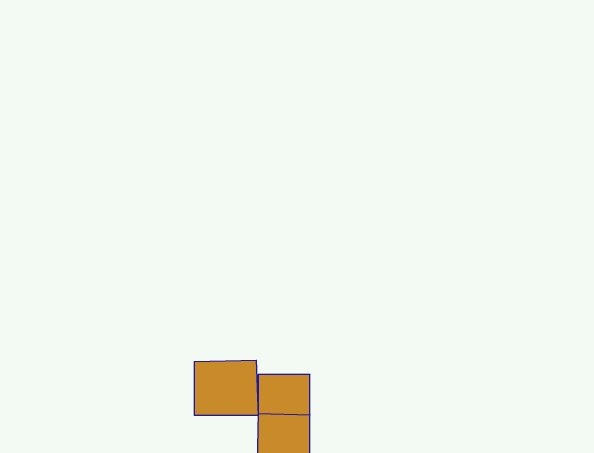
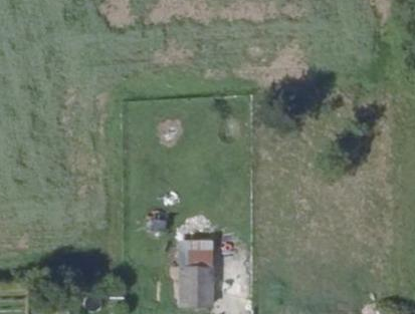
building: [194,360,258,415] -> none

